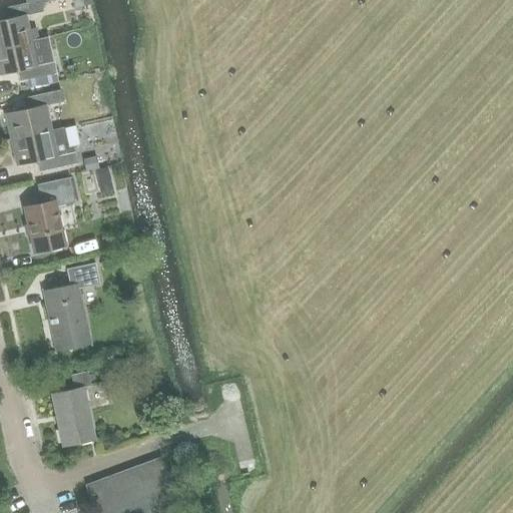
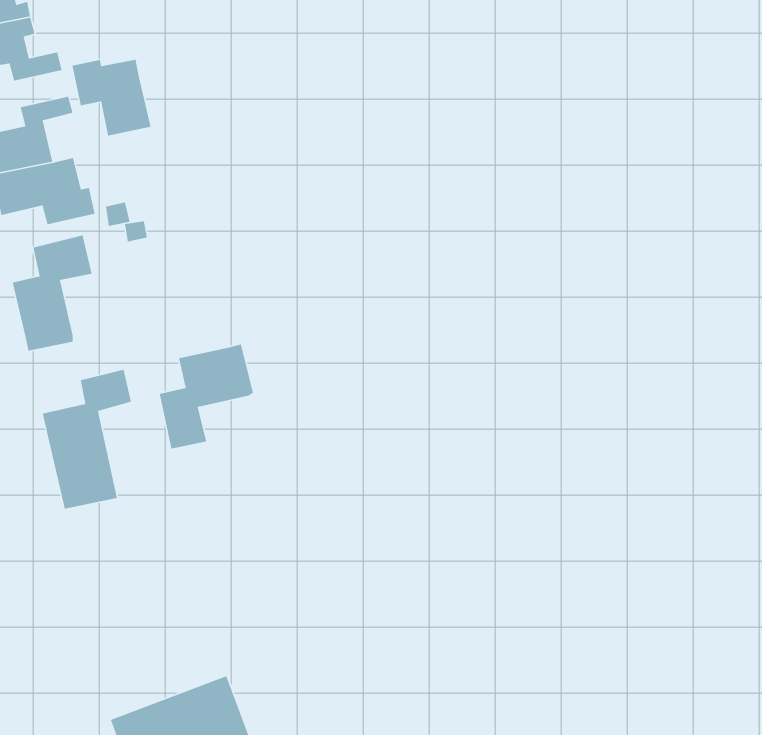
building: none -> [72,59,151,136]
building: none -> [159,343,254,450]
building: [51,372,96,446] -> none

